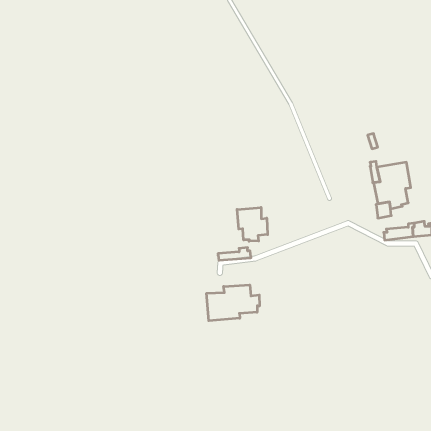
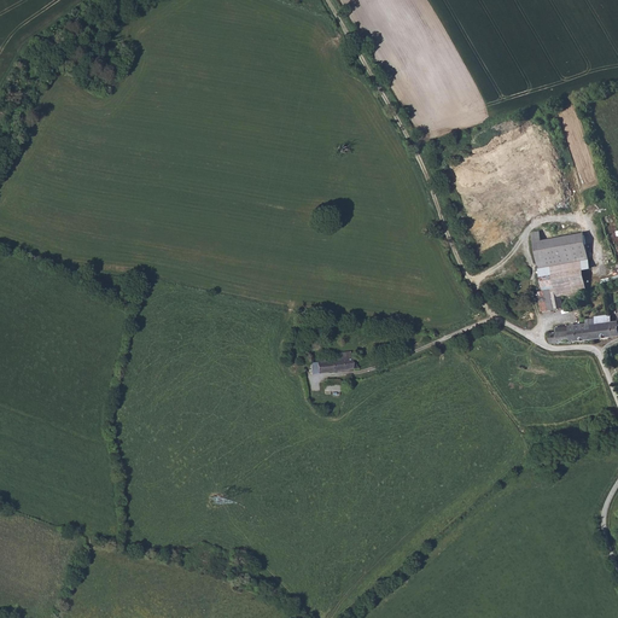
building: [237,207,268,241] -> none
building: [207,285,259,321] -> none

